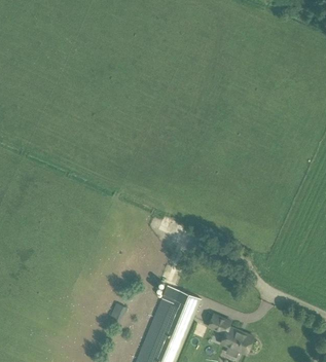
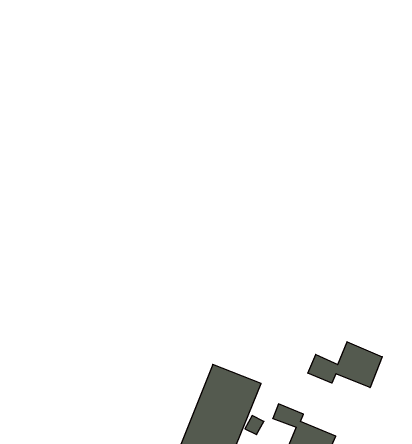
building: none -> [308,342,382,388]

